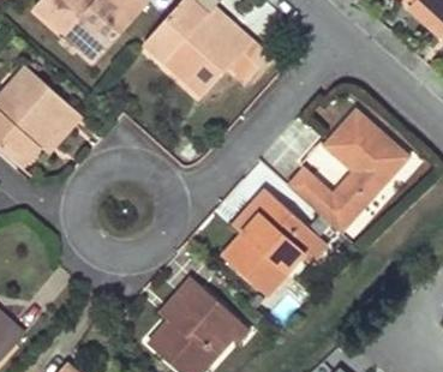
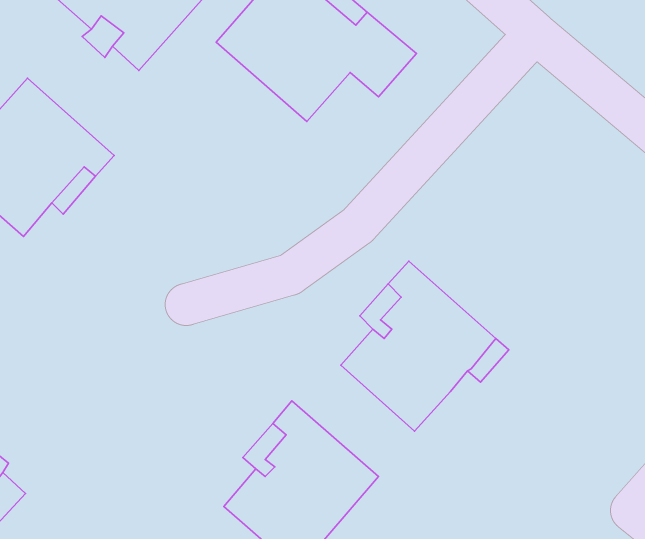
building: [288,106,409,228] -> none

